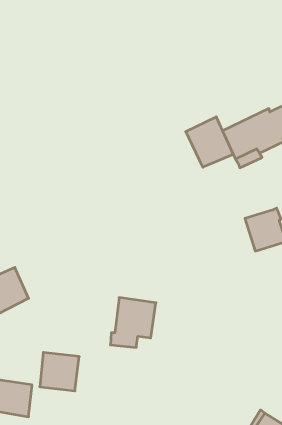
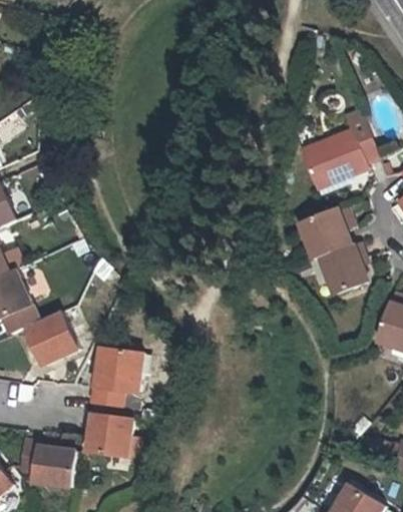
building: [186,117,233,167] -> none
building: none -> [308,207,358,258]
building: [110,298,156,347] -> [90,346,143,404]

